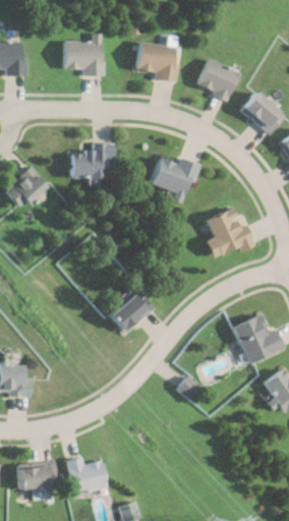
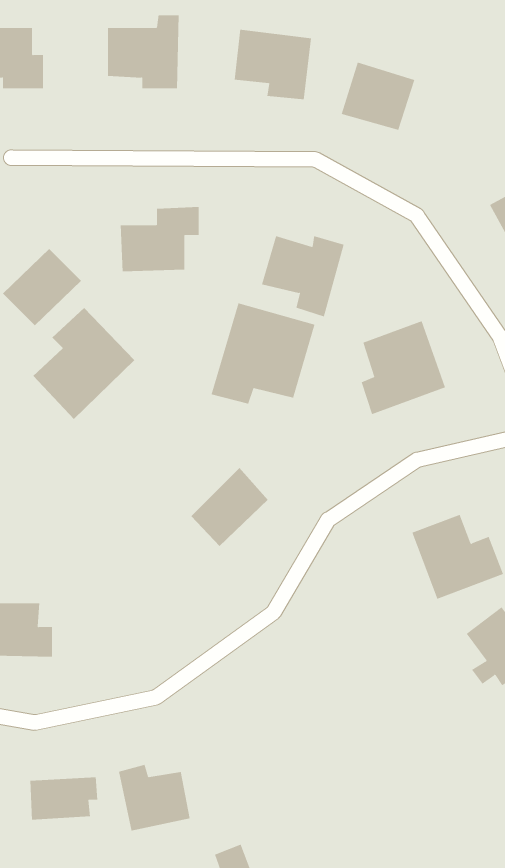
building: [238,93,282,135] -> none
building: none -> [211,303,315,405]
building: none -> [33,307,135,420]

